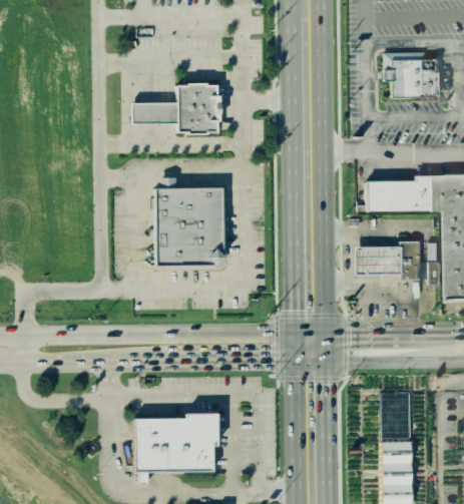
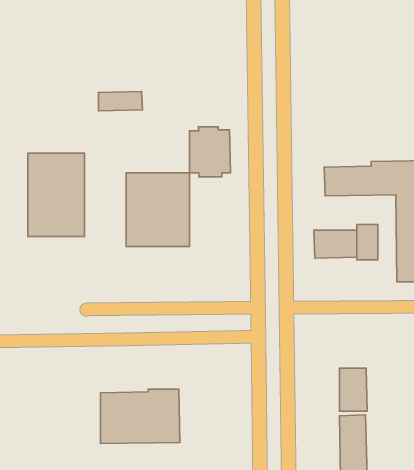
building: [382,58,451,100] -> none
building: [175,82,218,134] -> [189,127,231,177]
building: none -> [28,153,84,236]

